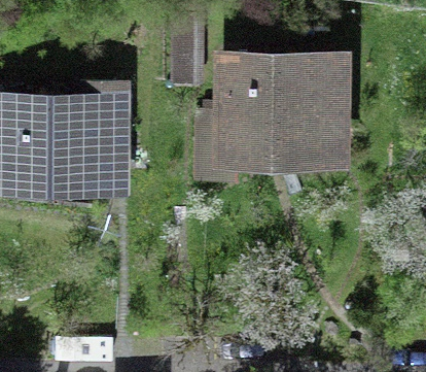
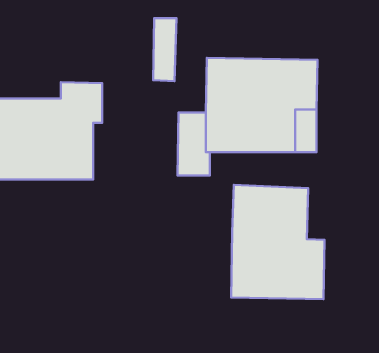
building: none -> [231,185,324,299]

